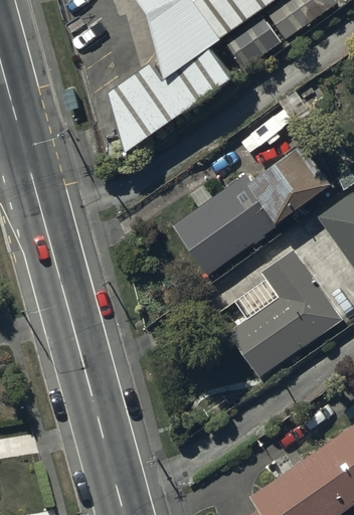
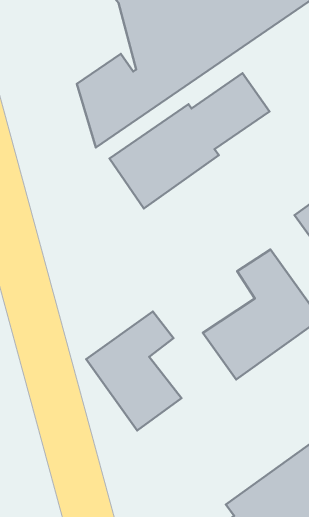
building: [173,147,328,278] -> [109,73,270,208]
building: none -> [86,312,181,430]

